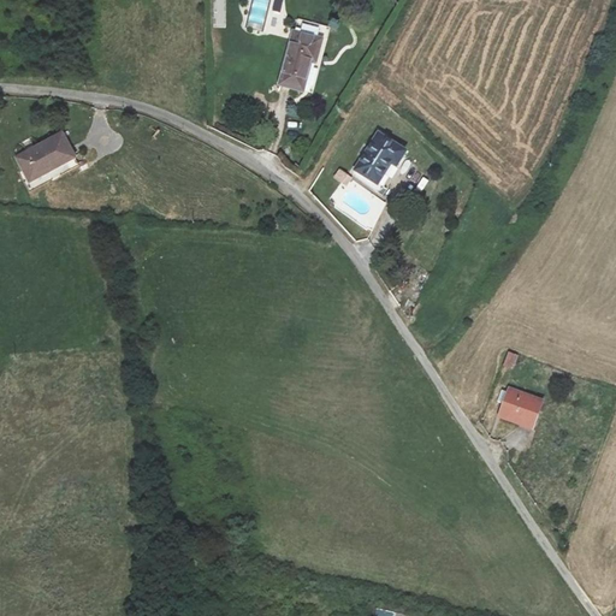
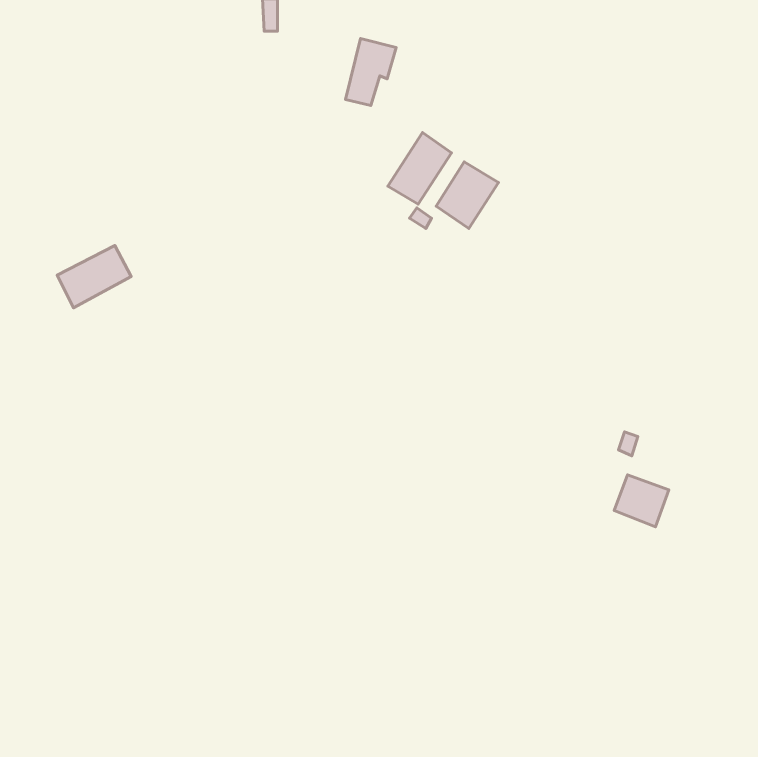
building: none -> [388,133,452,204]
building: [14,131,75,182] -> [57,245,131,308]

